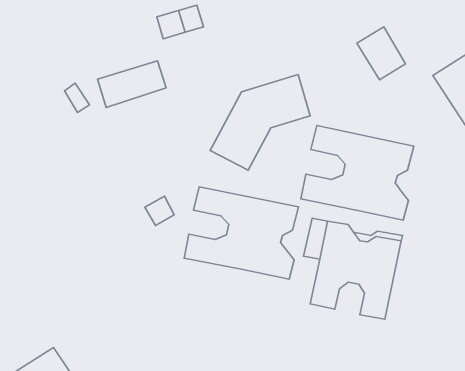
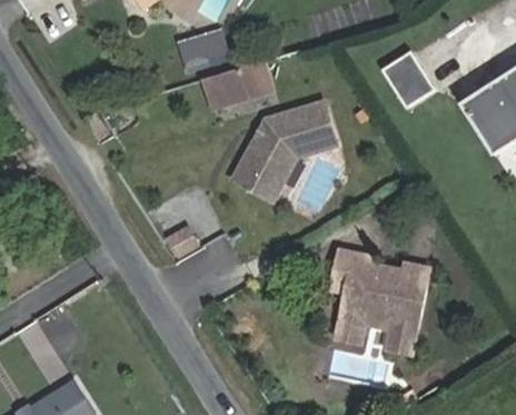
building: [98,61,166,107] -> [201,60,271,108]
building: [301,126,414,220] -> none
building: [184,187,299,279] -> none

